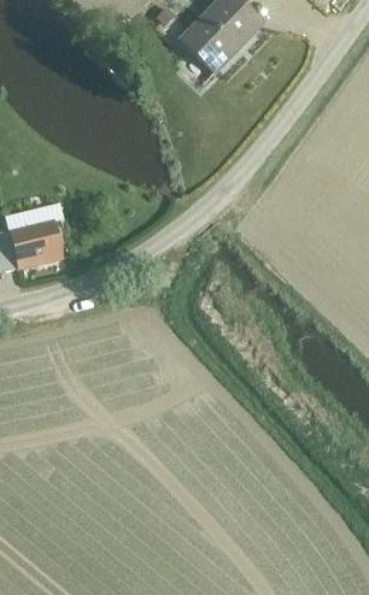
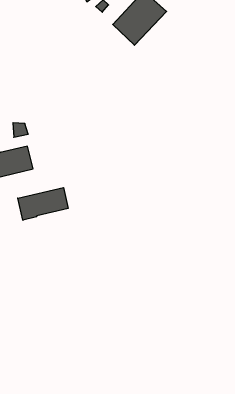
building: none -> [18,188,68,220]

